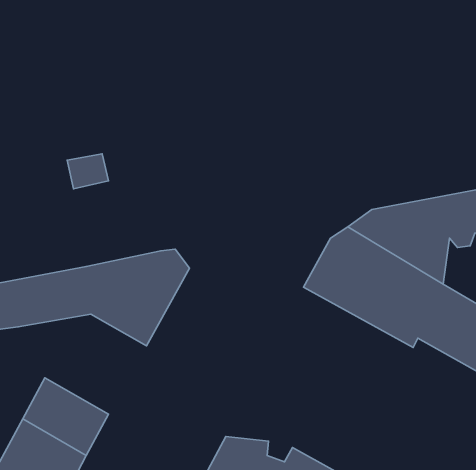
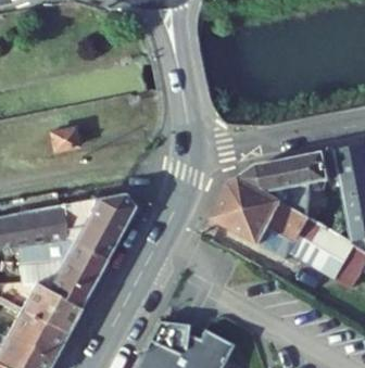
building: none -> [17,237,105,305]

